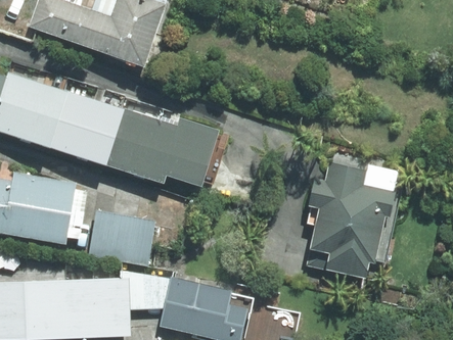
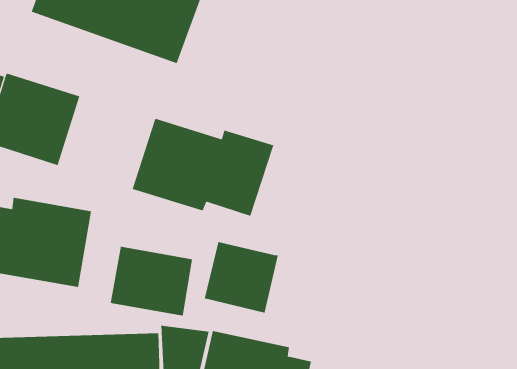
building: [48,92,124,165] -> none
building: [306,163,400,279] -> none
building: none -> [204,241,278,313]

